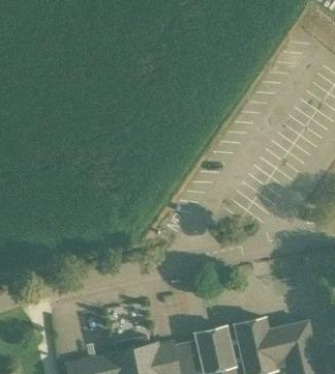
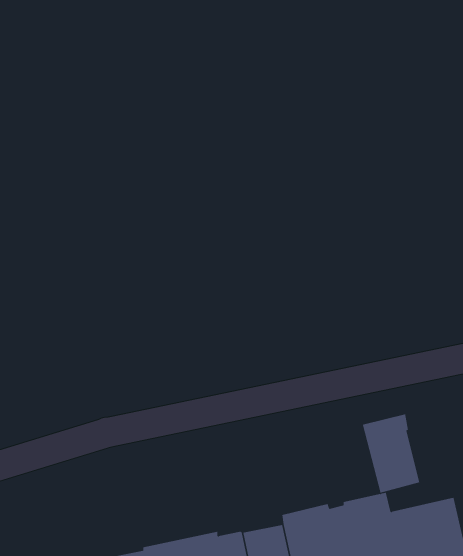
building: none -> [362,413,420,494]

